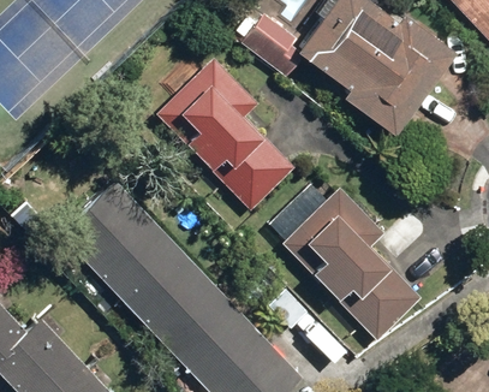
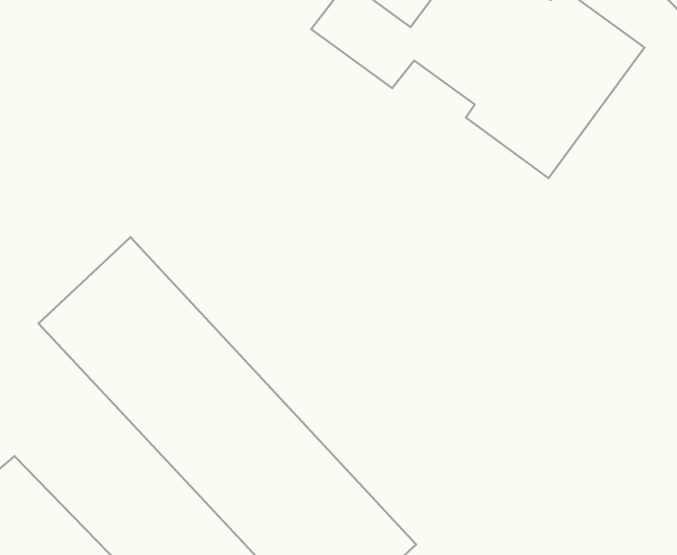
building: [155,57,297,213] -> none
building: [268,184,424,340] -> none

